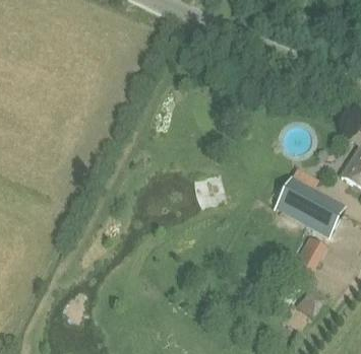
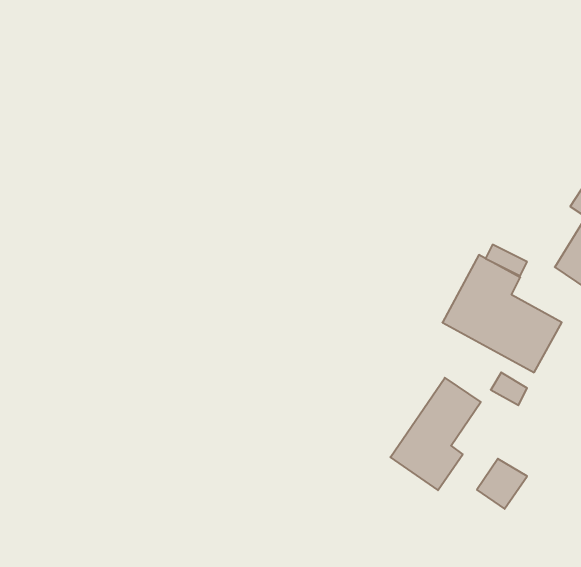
building: none -> [390,378,481,490]

